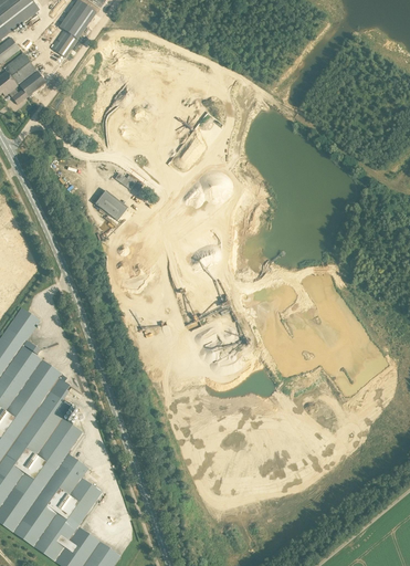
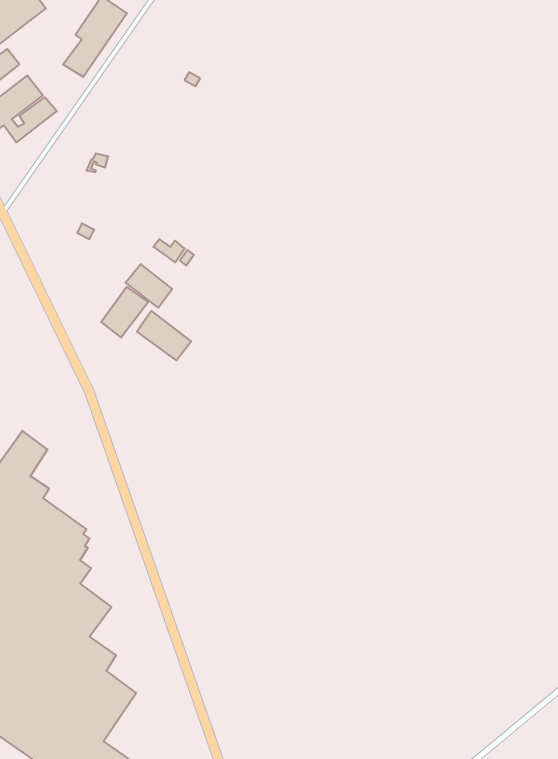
building: none -> [101,287,148,338]
building: none -> [137,311,191,360]

